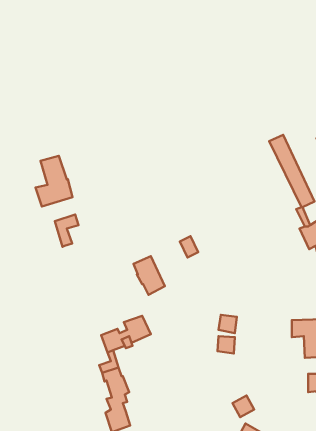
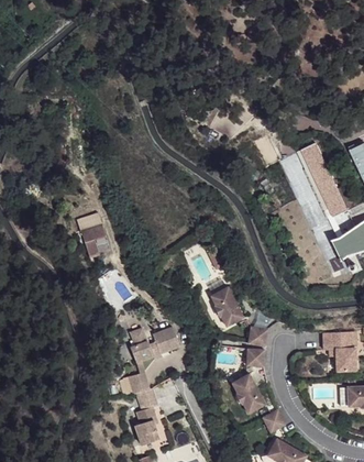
building: [36,156,73,206] -> none
building: [133,256,165,295] -> [211,286,243,326]
building: none -> [232,373,265,413]

